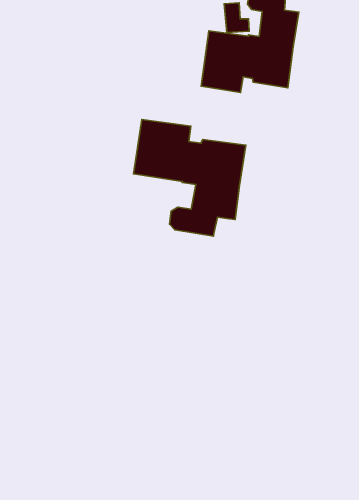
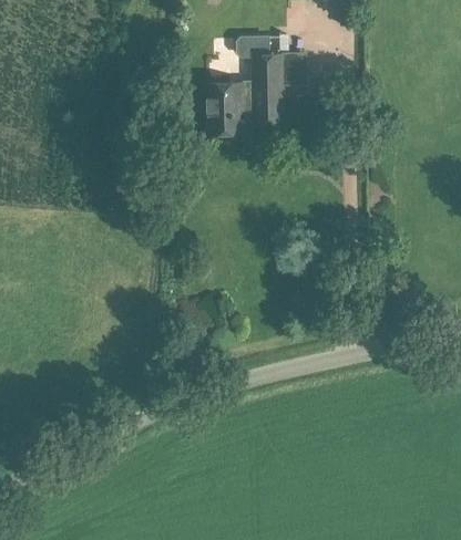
building: [134,120,246,236] -> none

